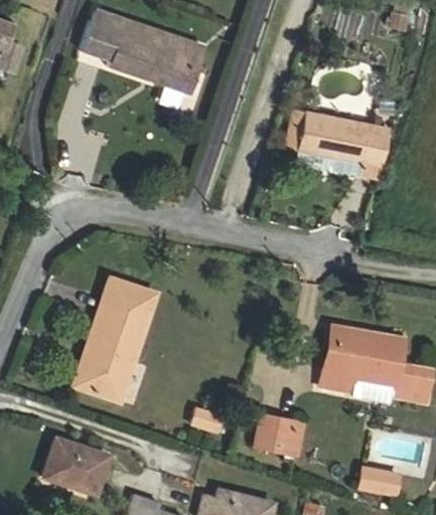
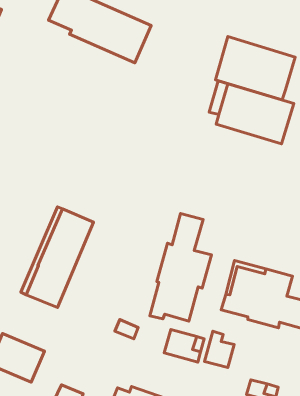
building: none -> [215,37,295,100]
building: none -> [150,213,211,321]
building: none -> [205,331,234,368]

